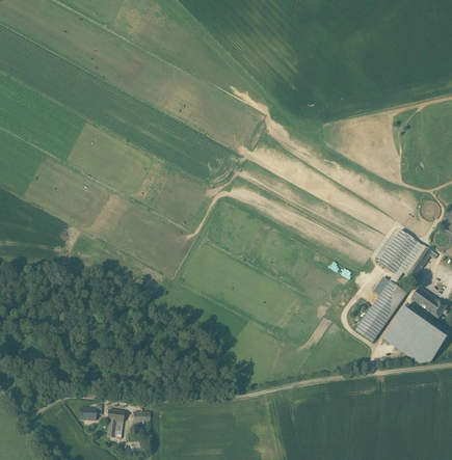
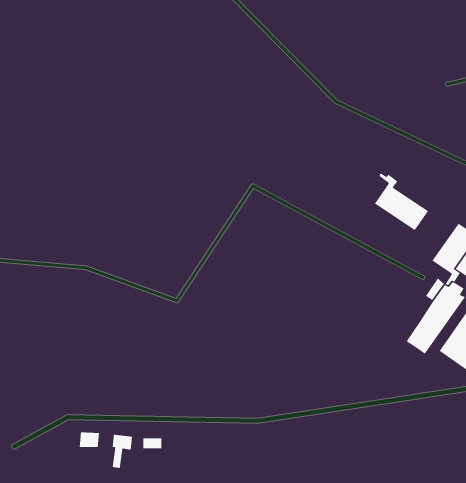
building: none -> [374,173,429,231]

